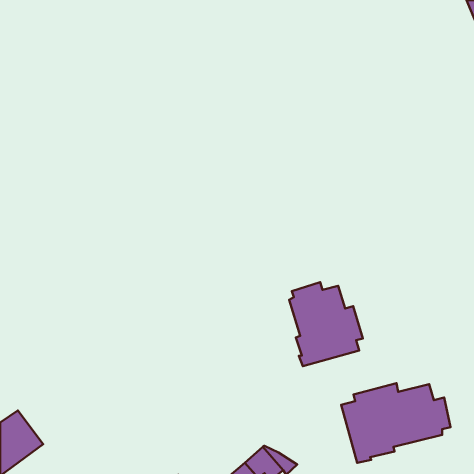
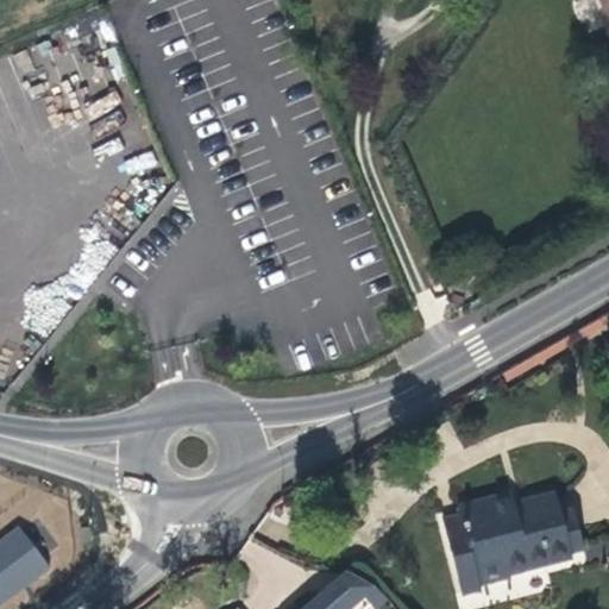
building: [289,282,363,366] -> none

